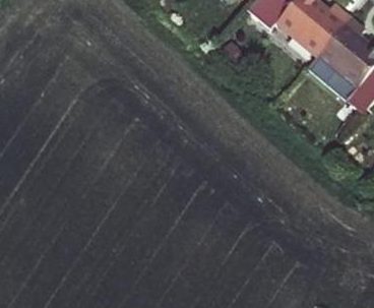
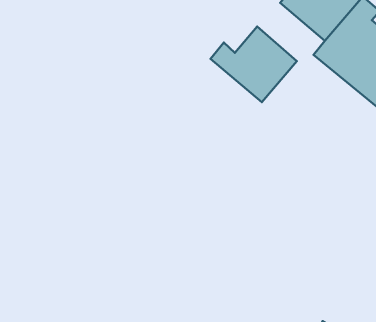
building: none -> [210,26,297,102]

